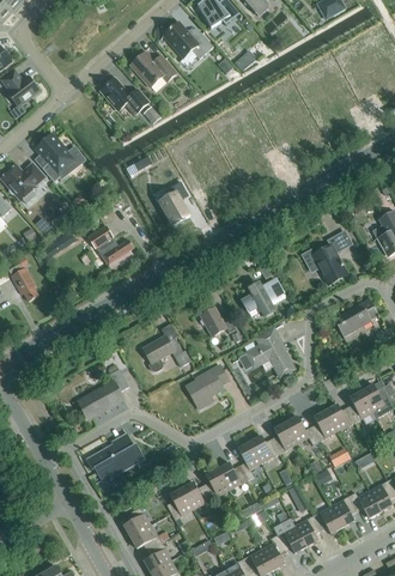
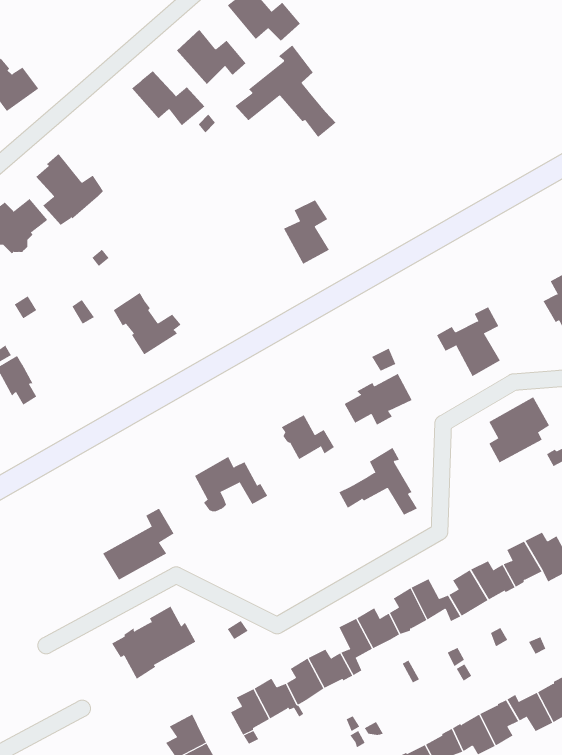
building: none -> [234,44,336,138]
building: [158,182,189,225] -> [283,199,330,264]
building: [186,364,227,410] -> none

